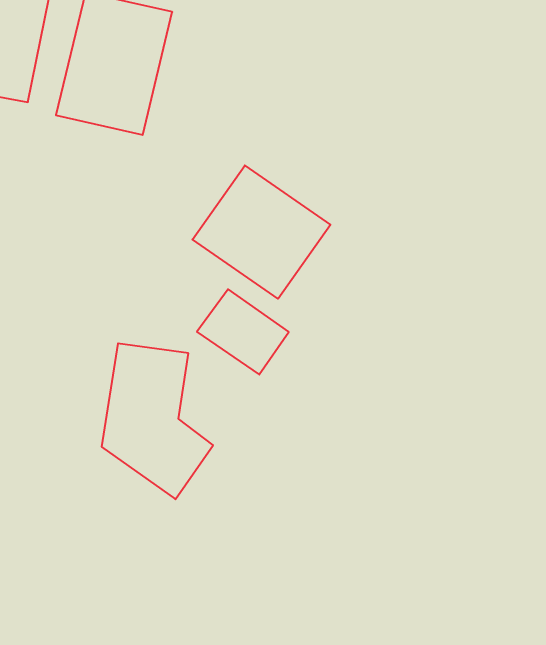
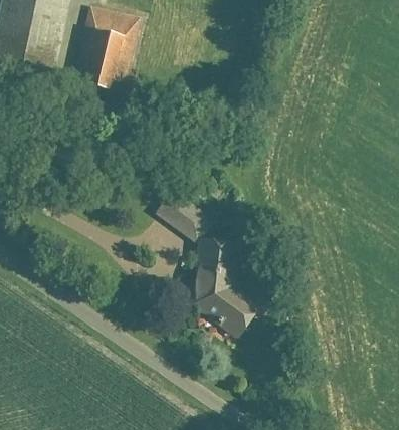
building: [192,165,330,299] -> none
building: [102,343,213,499] -> [191,240,259,336]

